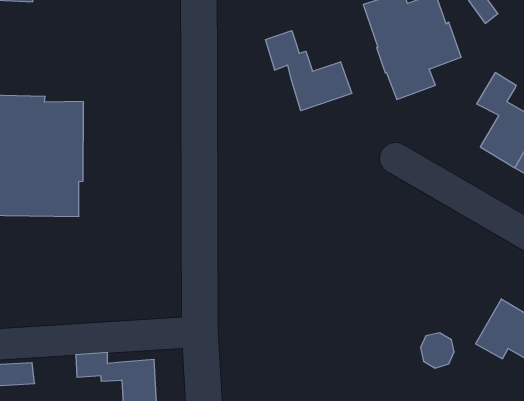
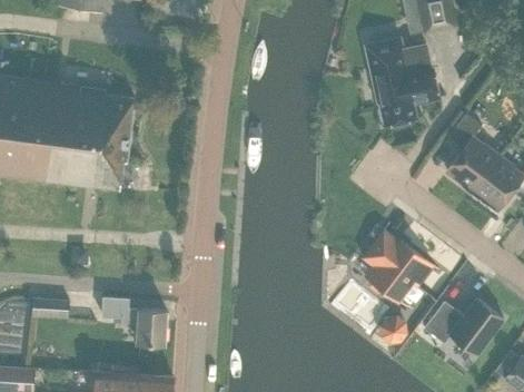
building: [265,31,352,111] -> none
building: none -> [362,229,432,301]

